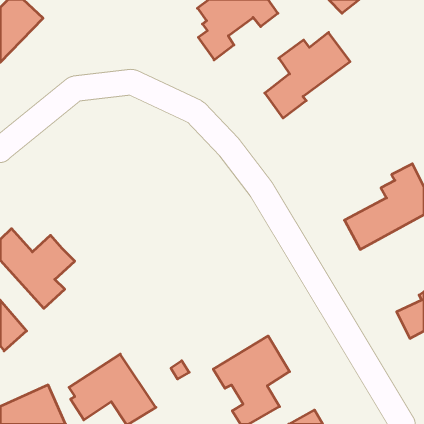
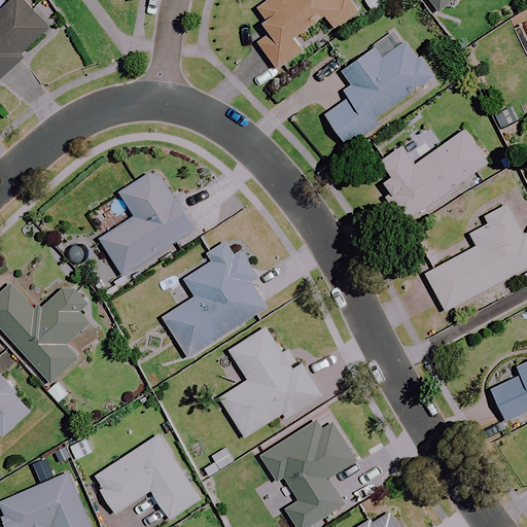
building: none -> [382,129,489,222]
building: none -> [87,174,183,279]
building: none -> [166,238,269,356]
building: none -> [212,331,311,437]

